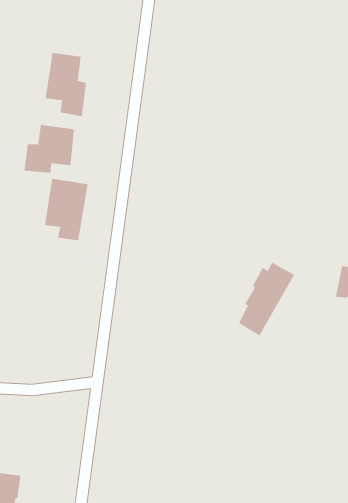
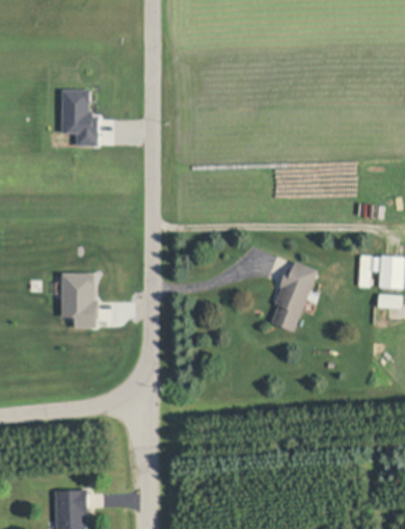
building: [24,124,75,174] -> none
building: [44,178,89,241] -> [62,274,99,329]

